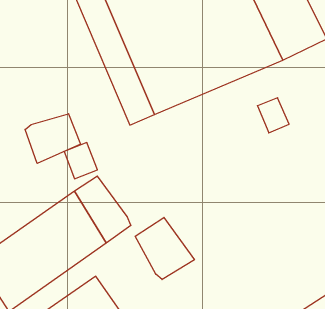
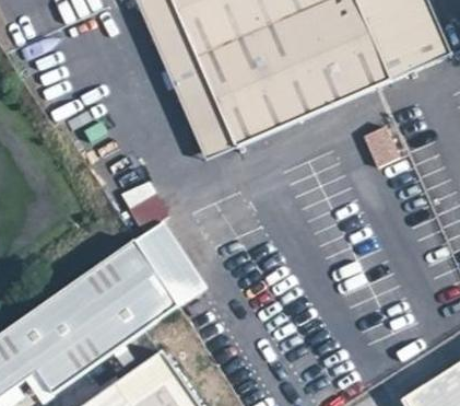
building: [25,114,80,163] -> none
building: [135,217,194,280] -> none

